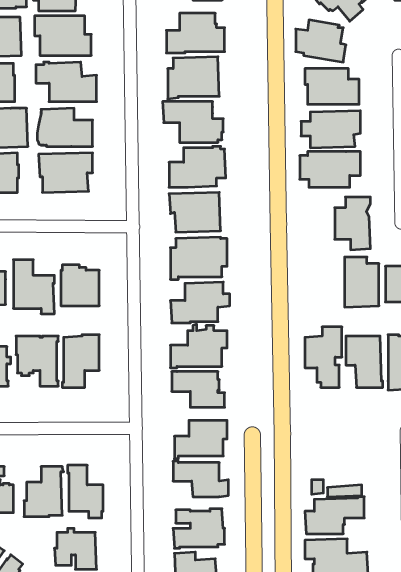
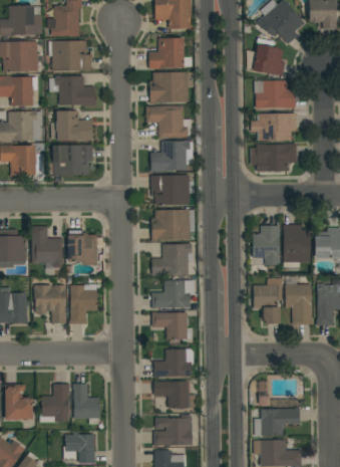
building: [335,197,370,250] -> [253,226,280,266]

